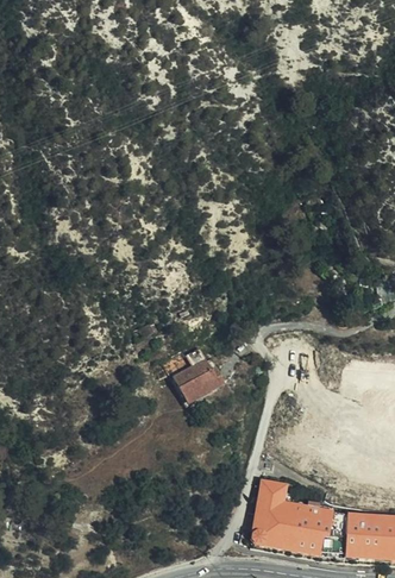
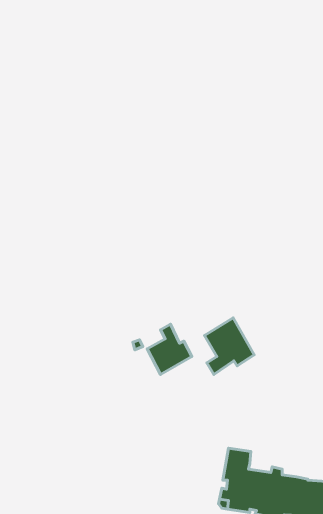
building: none -> [205,318,254,375]

